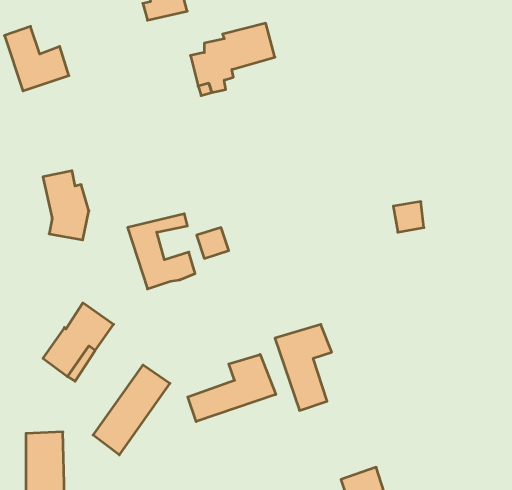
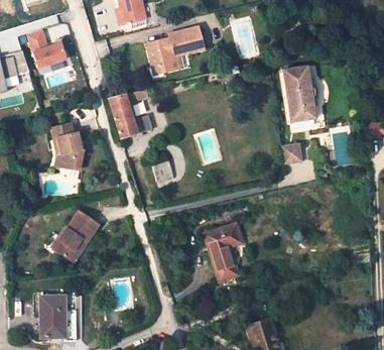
building: none -> [282,66,315,121]
building: [128,214,195,289] -> [108,89,152,138]
building: [188,354,276,422] -> none
building: [93,365,170,455] -> none

